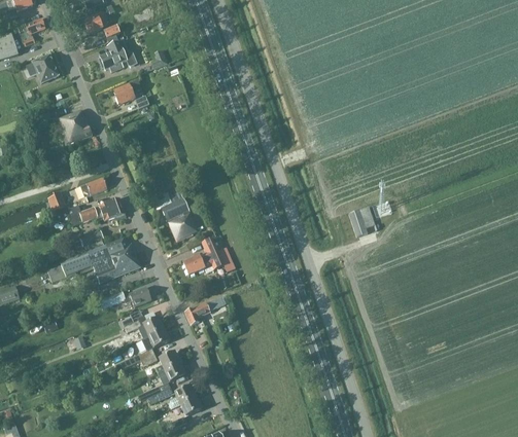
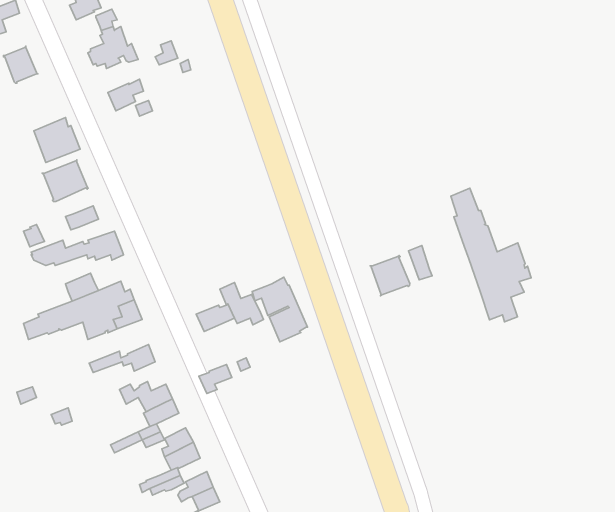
building: none -> [42,160,88,201]
building: none -> [451,188,531,322]
building: [154,190,198,241] -> [252,277,308,342]
building: none -> [370,256,410,296]

